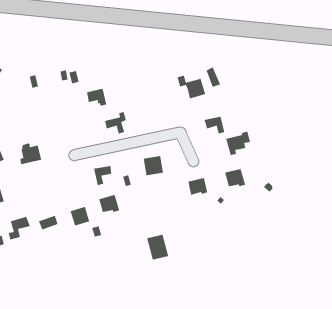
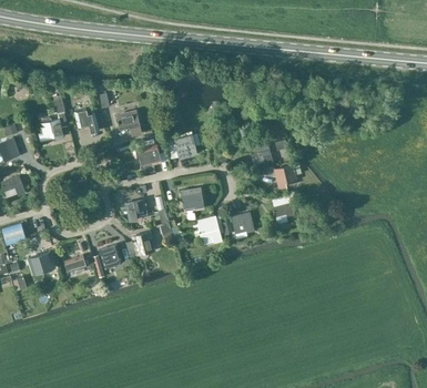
building: [176,75,206,100] -> [164,131,197,159]
building: none -> [74,108,99,133]
building: [19,142,42,165] -> [39,116,64,142]
building: [146,234,169,261] -> [196,215,222,245]

